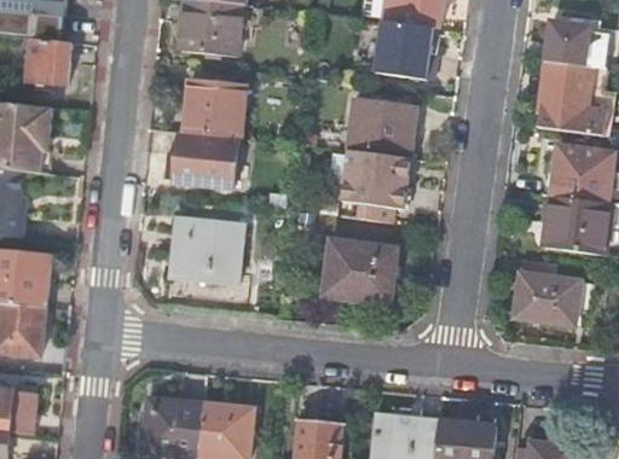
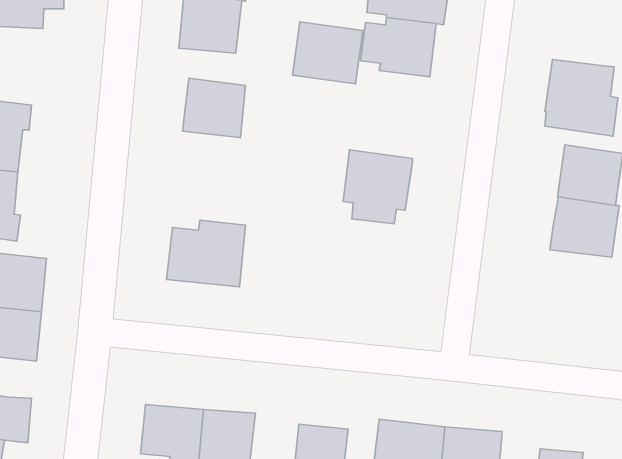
building: [545,21,591,66] -> none
building: [27,39,73,86] -> none
building: [347,98,416,158] -> [292,22,363,84]
building: [173,132,239,188] -> none
building: [323,239,397,304] -> none
building: [515,273,595,324] -> none

